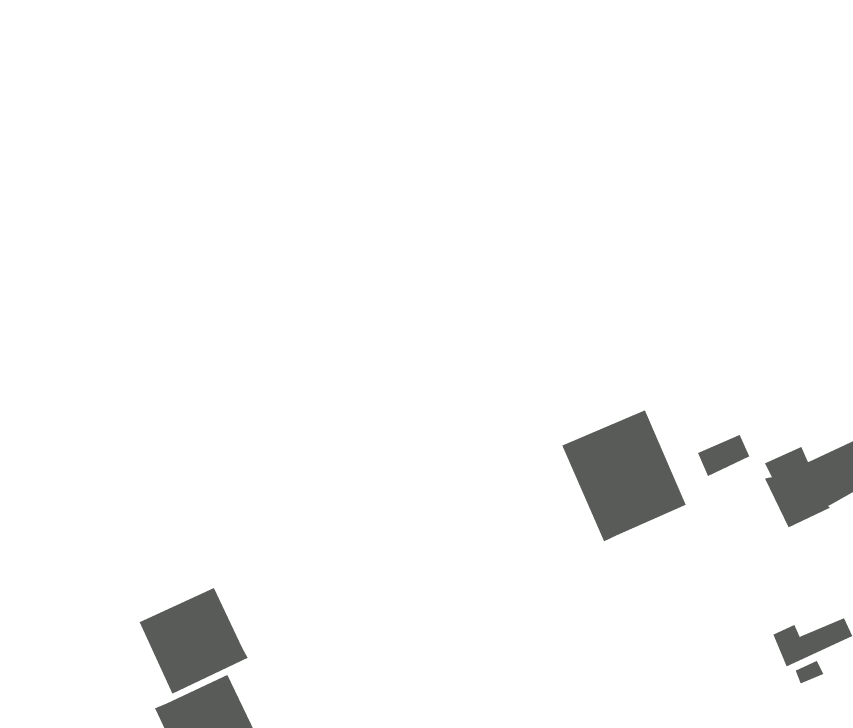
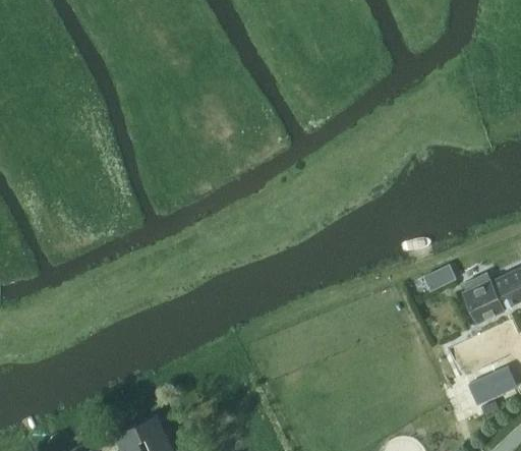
building: [561,410,686,542] -> none
building: [139,587,248,694] -> none

